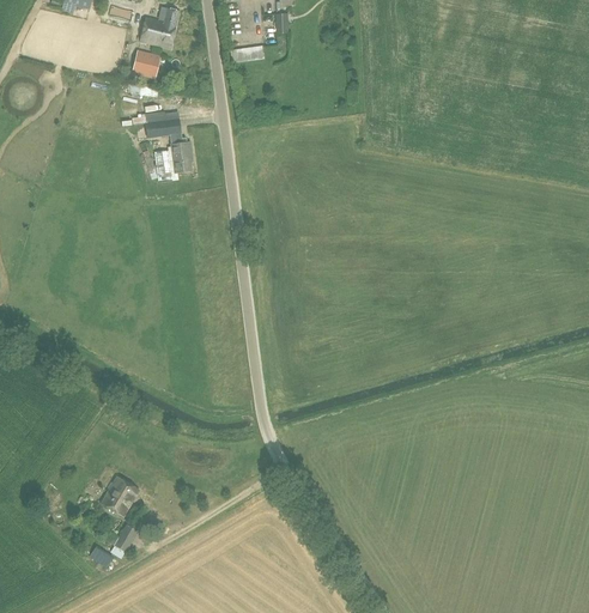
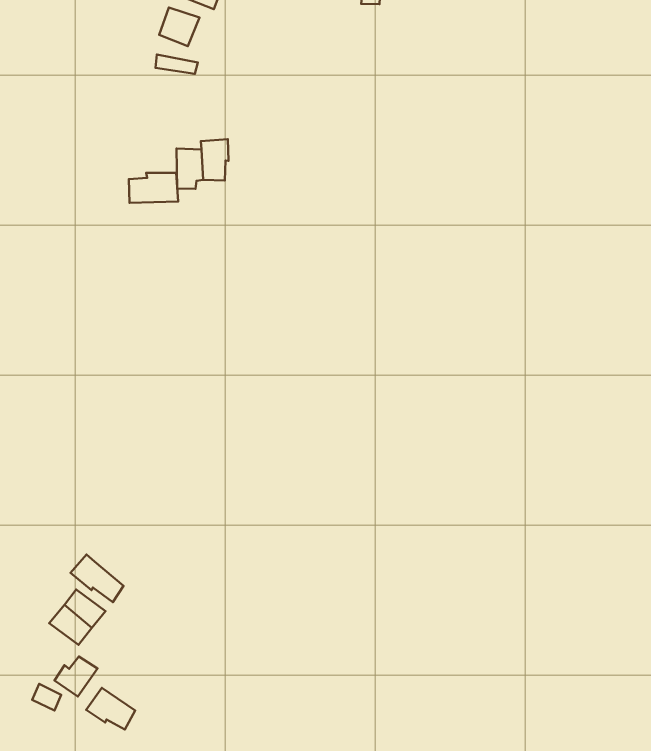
building: [144,113,181,138] -> [129,173,178,203]
building: none -> [70,555,124,602]
building: none -> [86,688,135,730]

